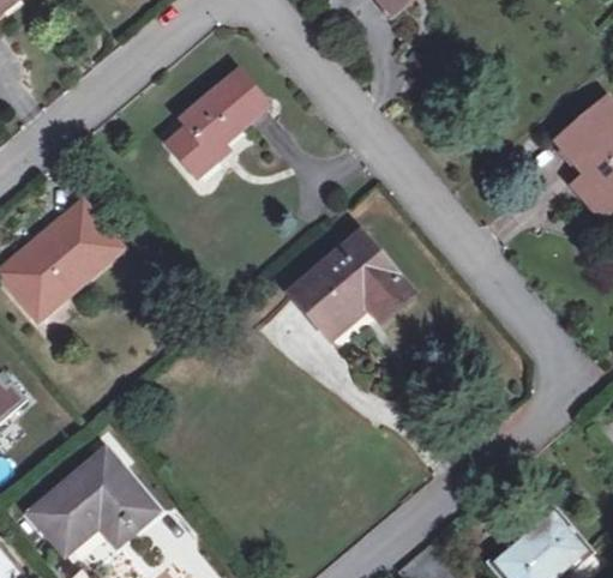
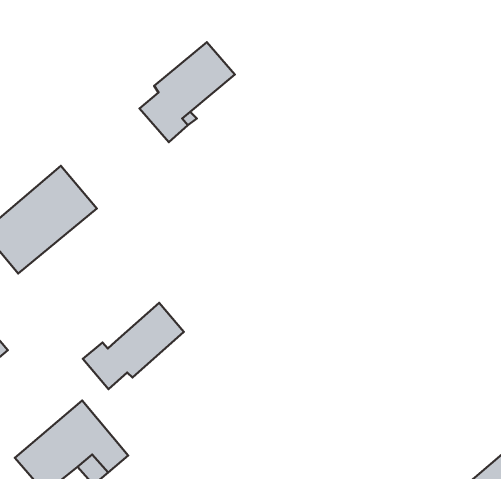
building: [293,236,410,332] -> none
building: none -> [83,303,184,389]

